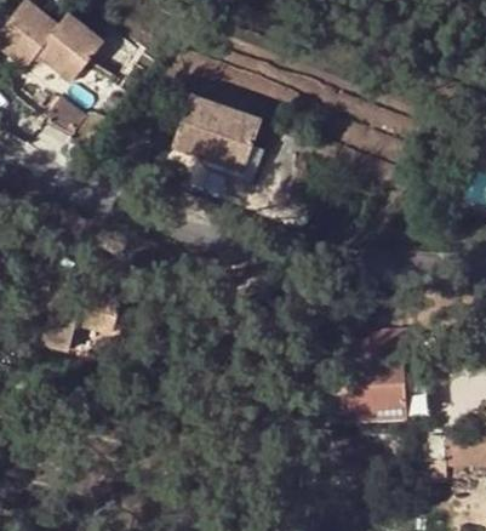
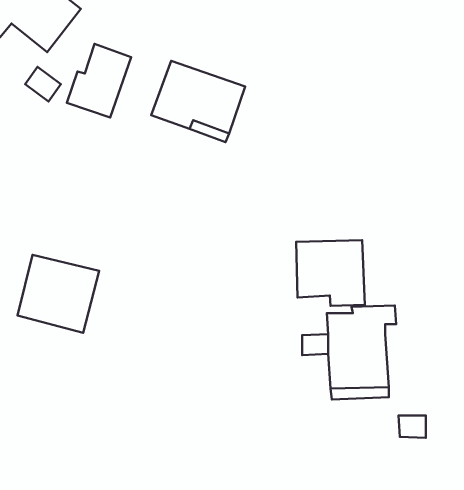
building: none -> [67,44,131,117]
building: none -> [296,240,365,306]

